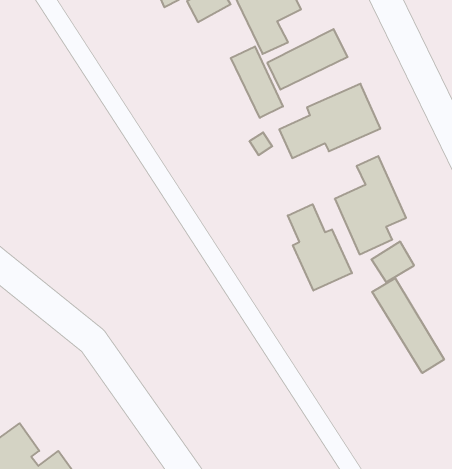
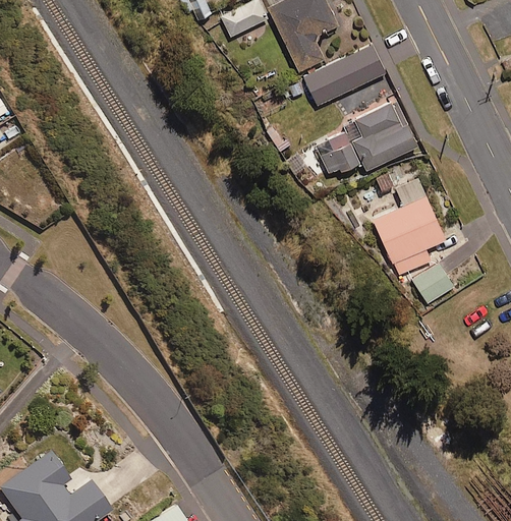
building: [231,46,283,118] -> none
building: [288,204,352,291] -> none
building: [372,278,444,373] -> none

